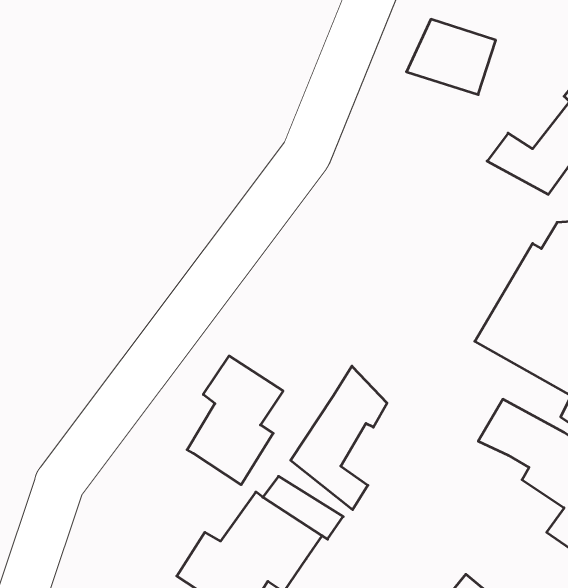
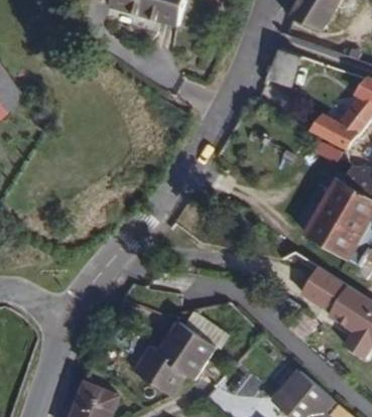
building: [187,356,283,485] -> none
building: [291,366,387,510] -> none

